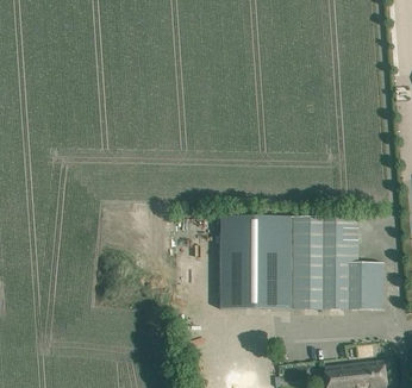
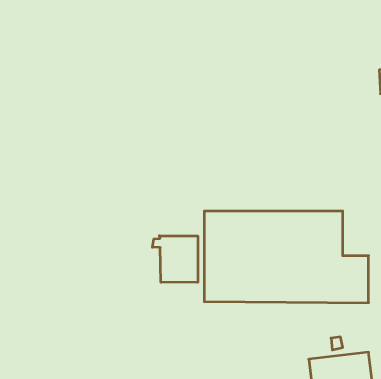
building: none -> [152,236,198,282]

